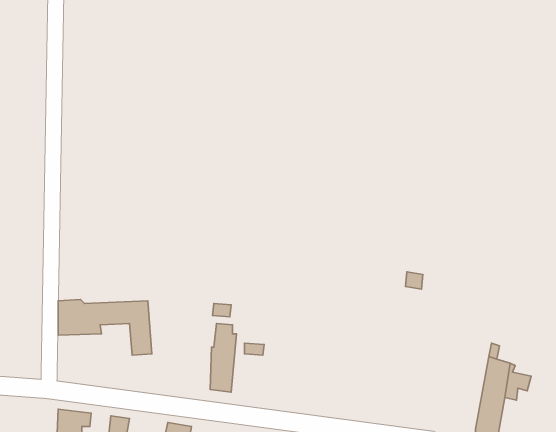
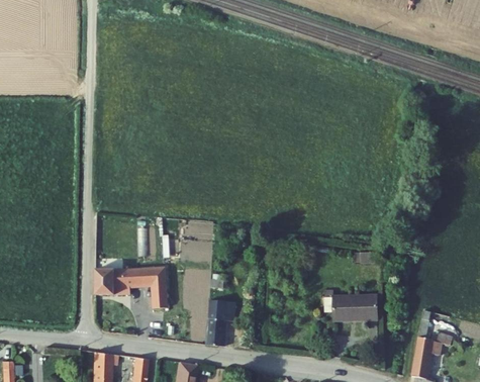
building: none -> [327,298,379,324]

